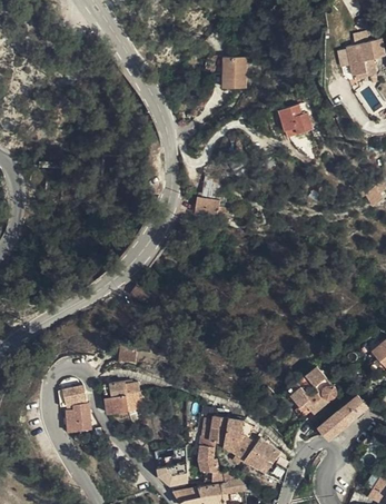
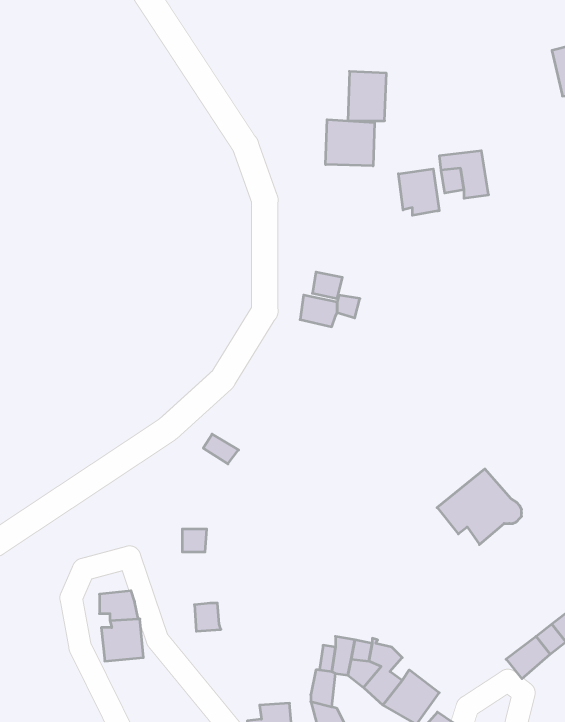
building: none -> [326,120,375,166]
building: none -> [398,169,439,215]
building: [288,366,342,414] -> [437,469,522,545]
building: [103,381,133,412] -> none

